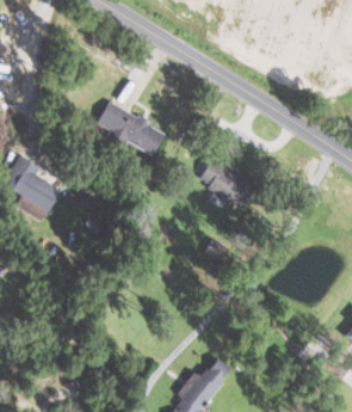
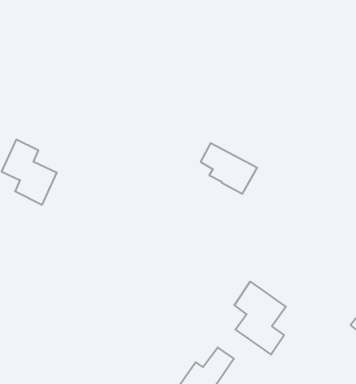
building: [97,102,166,156] -> none
building: none -> [234,282,286,355]

